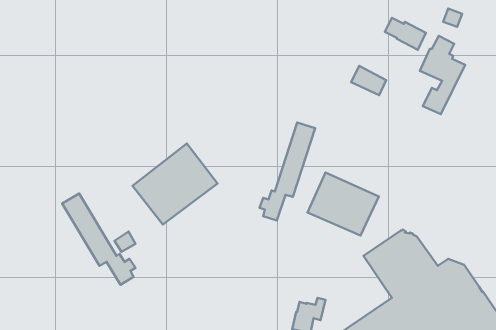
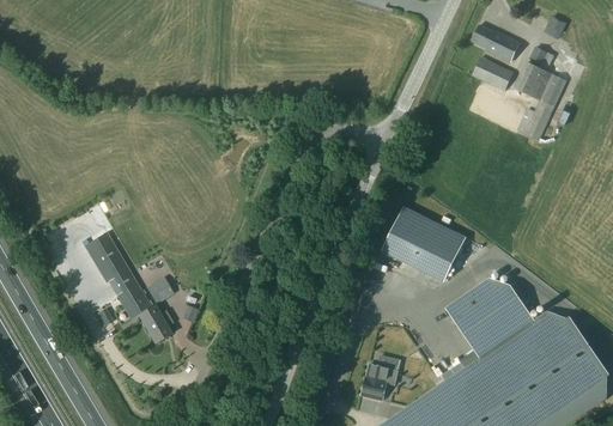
building: [351,66,386,95] -> [472,55,514,90]
building: [259,123,315,221] -> none
building: [132,144,218,225] -> none

